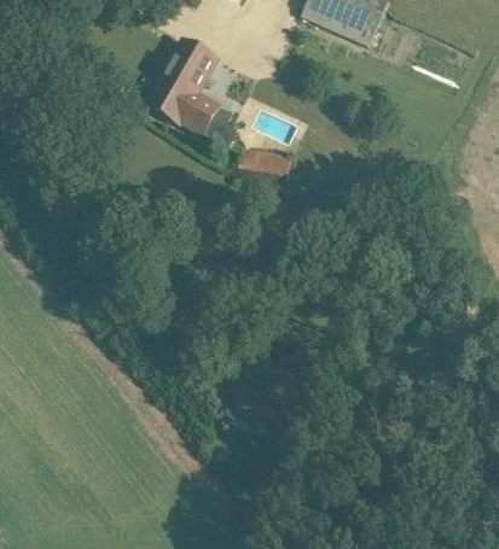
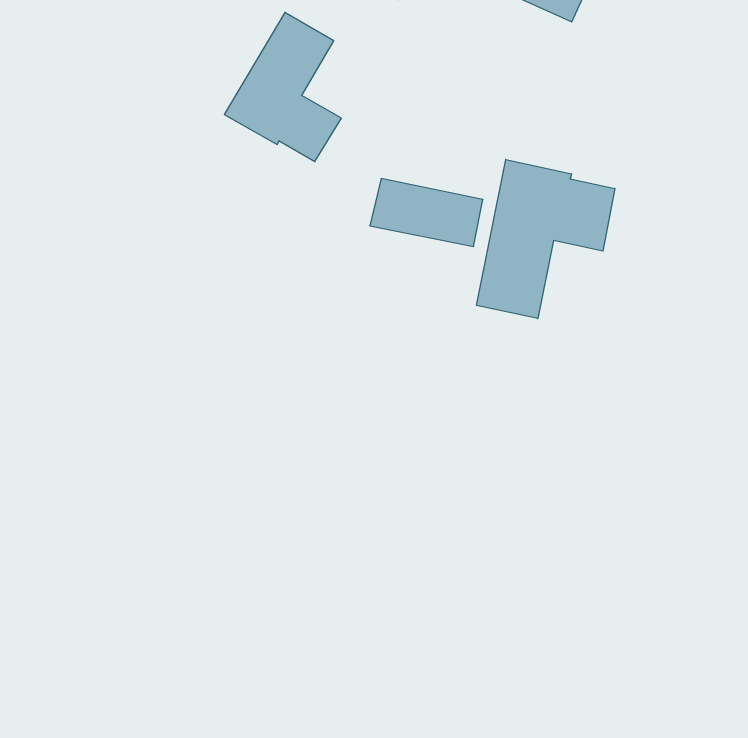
building: none -> [477,159,615,319]

